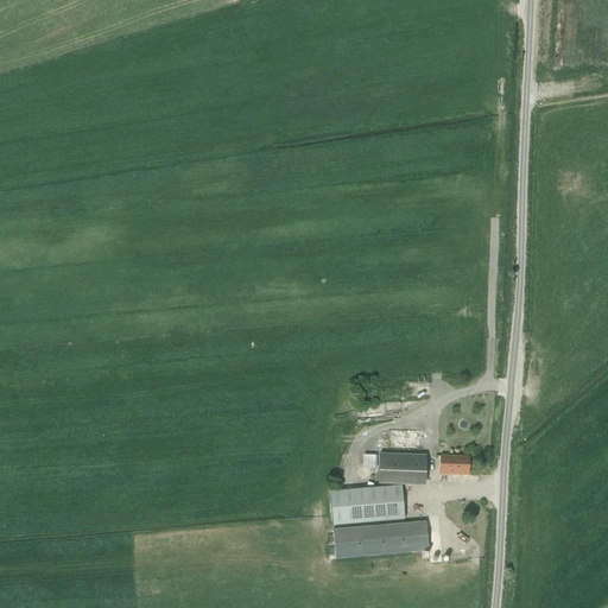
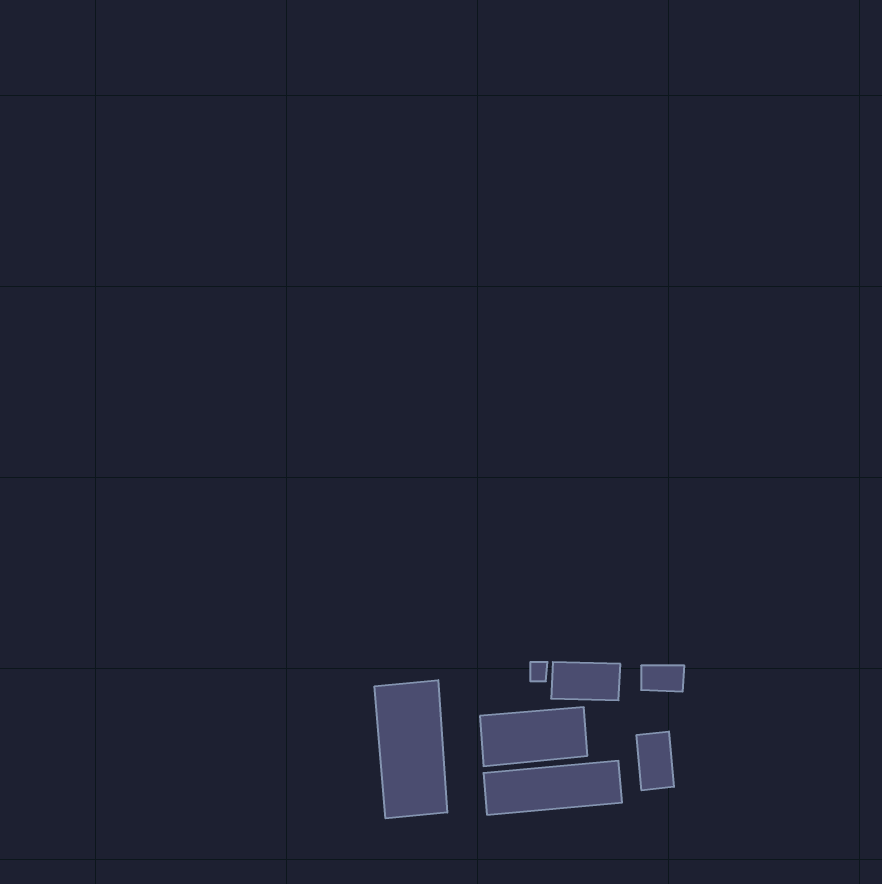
building: none -> [375,680,447,818]
building: none -> [637,731,674,790]

